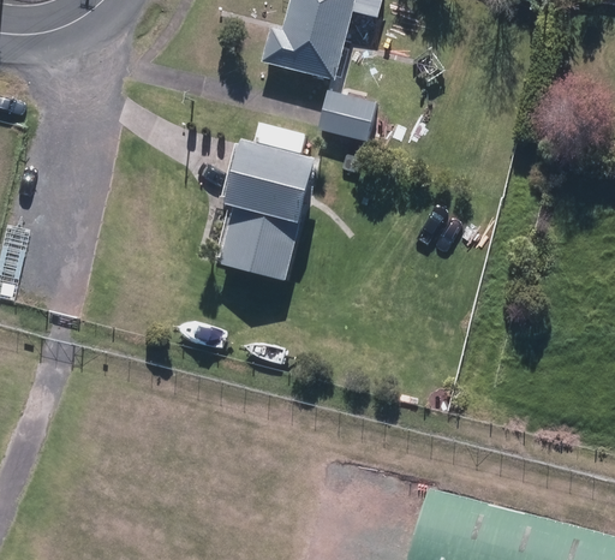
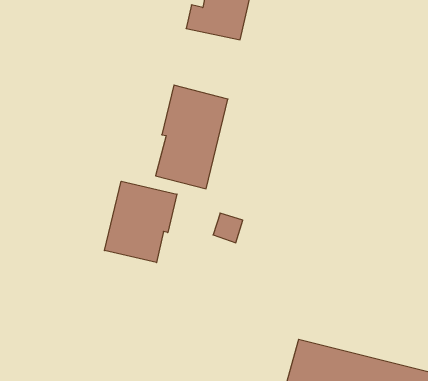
building: [316,91,374,143] -> none
building: none -> [104,181,177,263]

